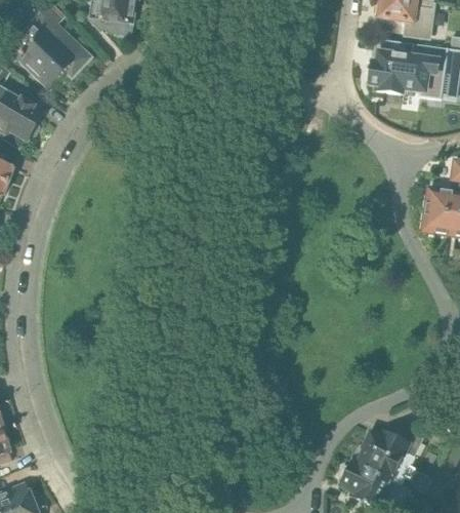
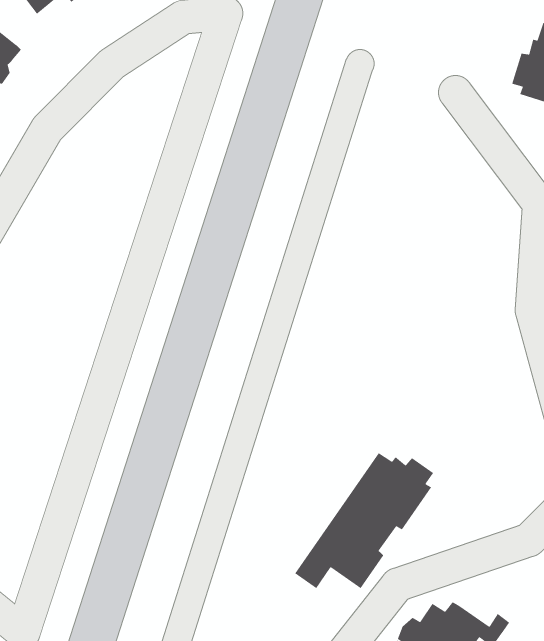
building: none -> [294,452,434,589]

